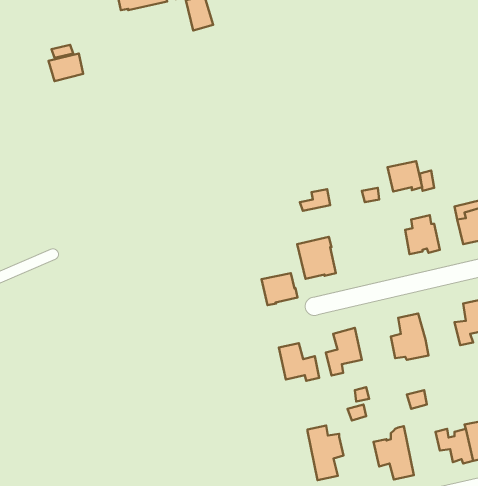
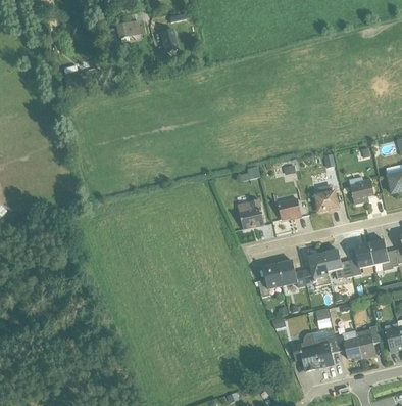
building: [387,161,422,192] -> [277,197,301,219]
building: [262,273,297,305] -> none
building: none -> [322,250,352,277]
building: [279,343,319,381] -> [278,260,306,286]
building: [307,425,344,480] -> [312,328,338,367]

